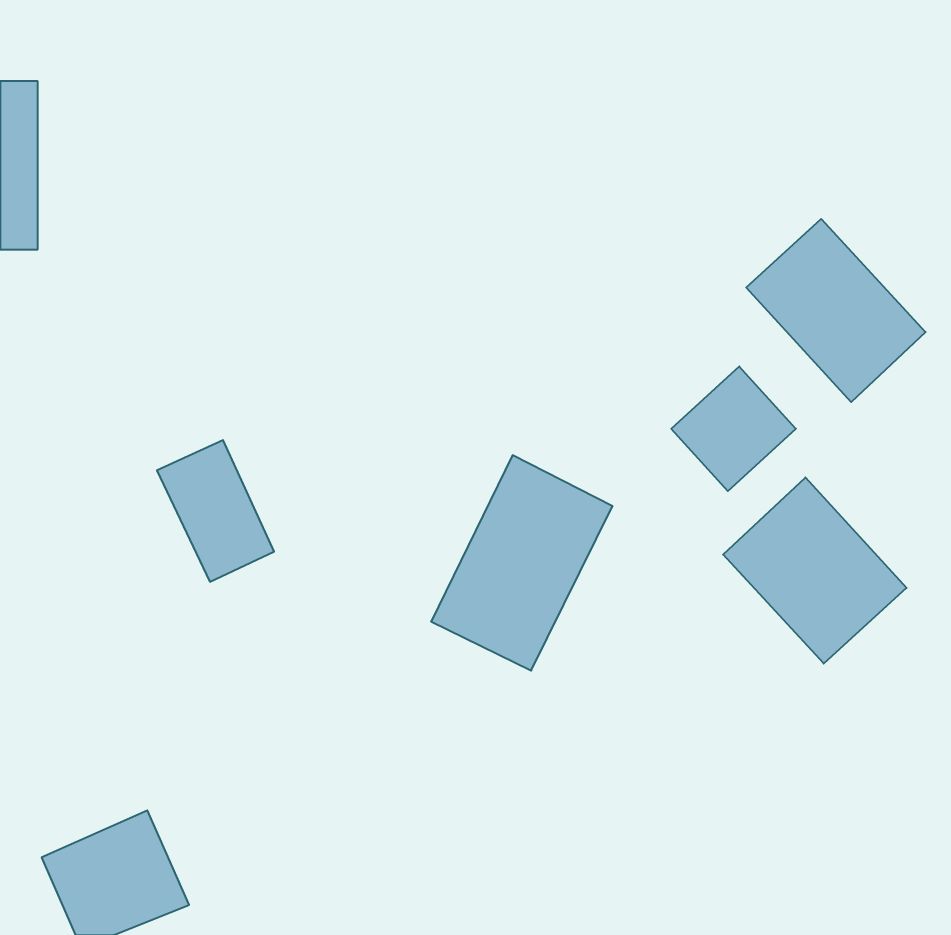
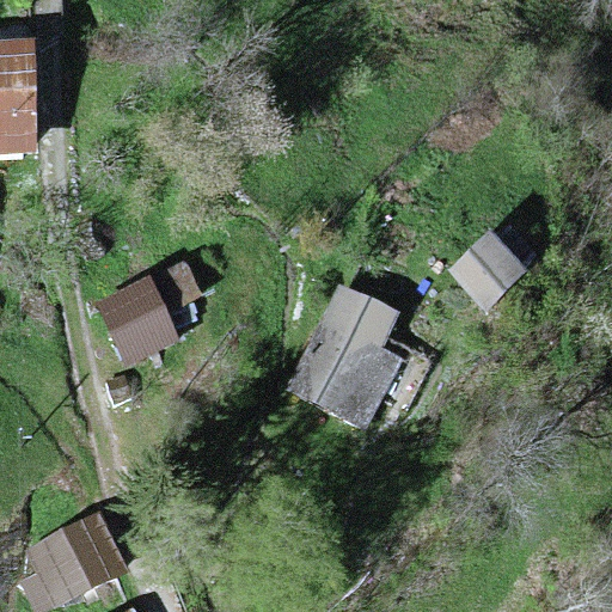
building: [746,219,926,402] -> none
building: [723,477,907,664] -> none

